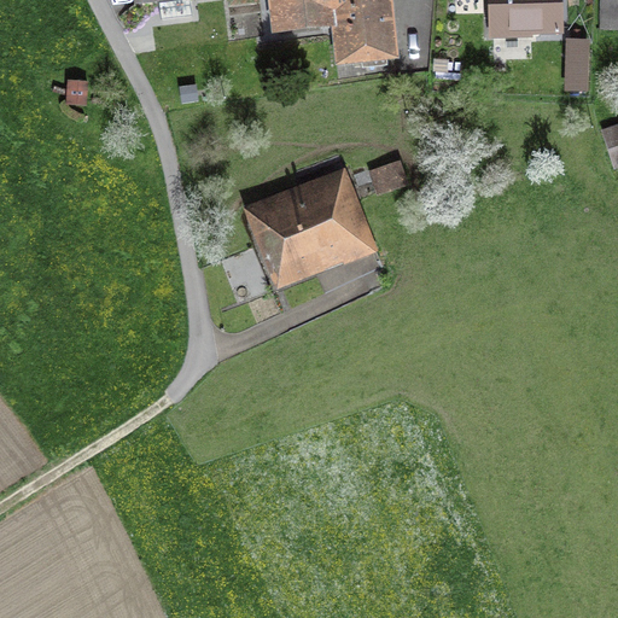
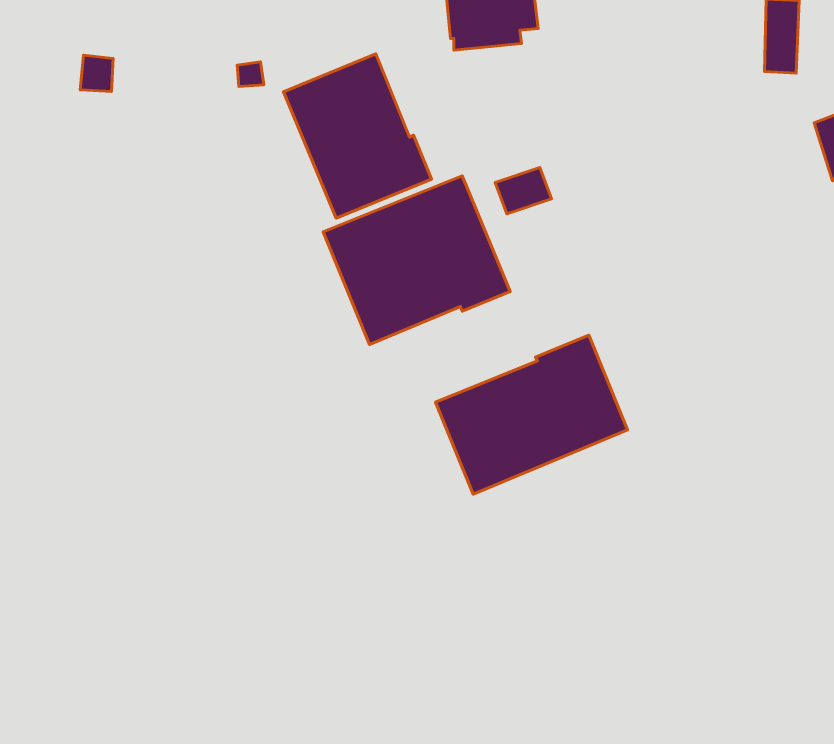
building: none -> [283,54,431,218]
building: none -> [435,335,628,494]

